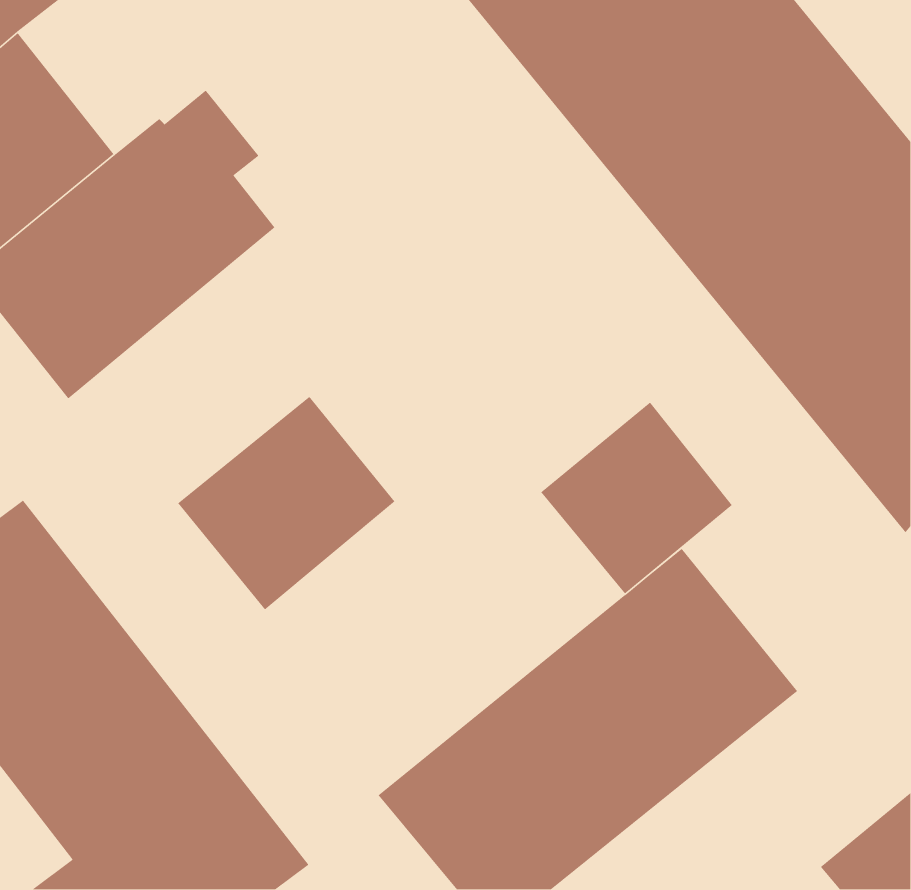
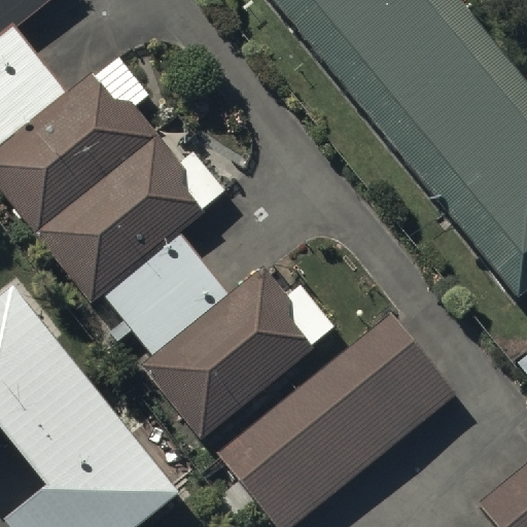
building: none -> [39,131,224,296]
building: [540,402,733,594] -> none
building: none -> [140,259,335,436]

